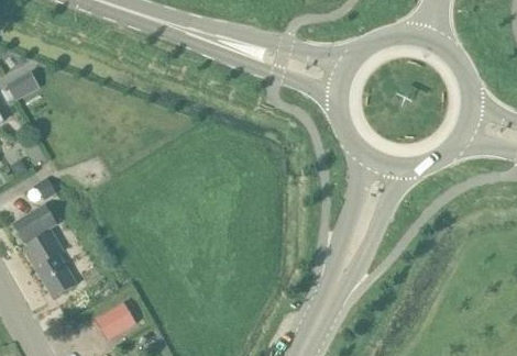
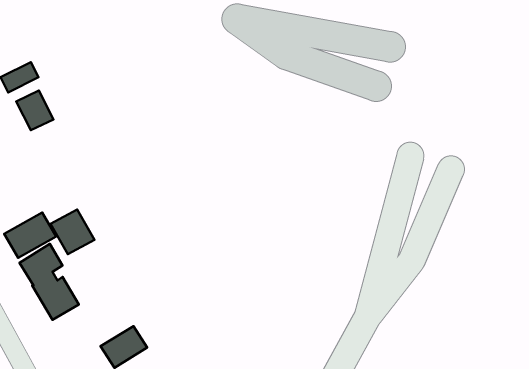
building: none -> [16,91,53,130]
building: none -> [51,210,94,254]

